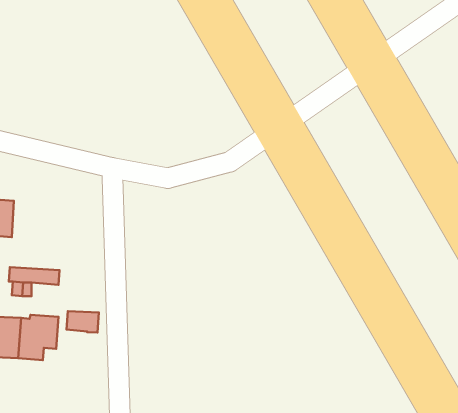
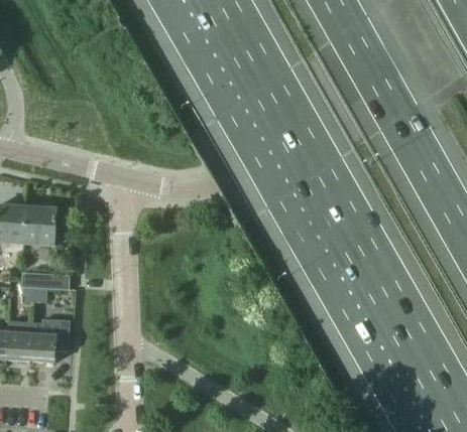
building: none -> [23,206,55,244]
building: [66,311,99,333] -> none

